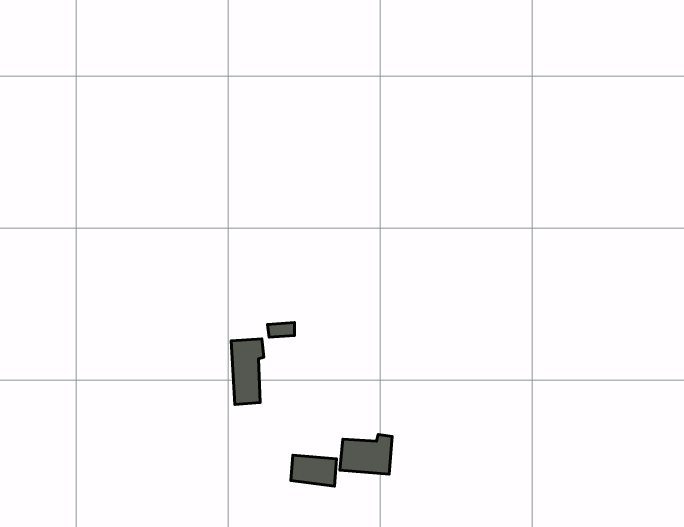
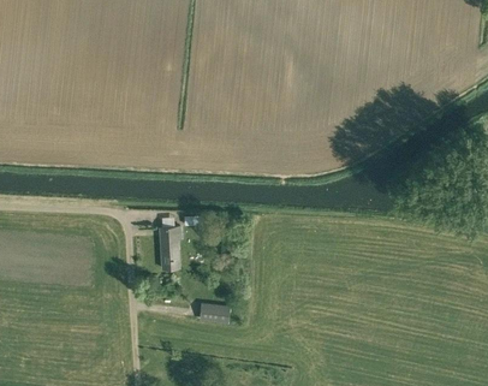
building: [340,434,392,474] -> none

